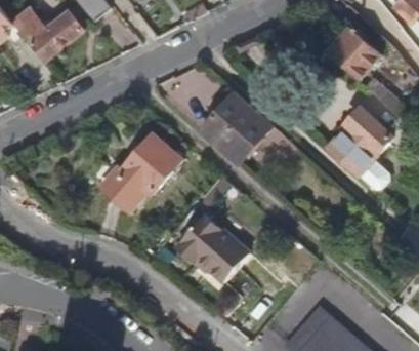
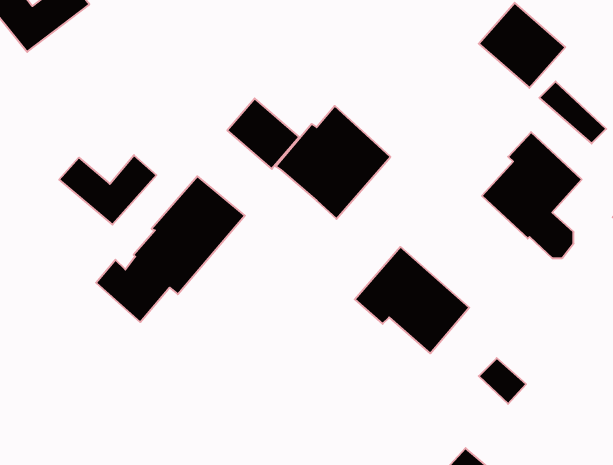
building: none -> [227,98,299,169]
building: none -> [59,155,156,225]
building: [177,215,249,281] -> [355,247,469,353]

